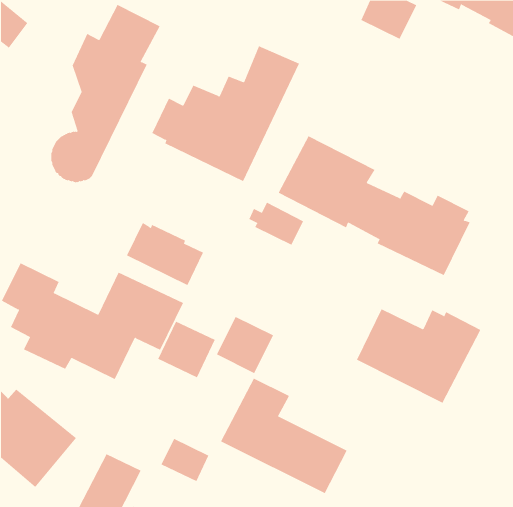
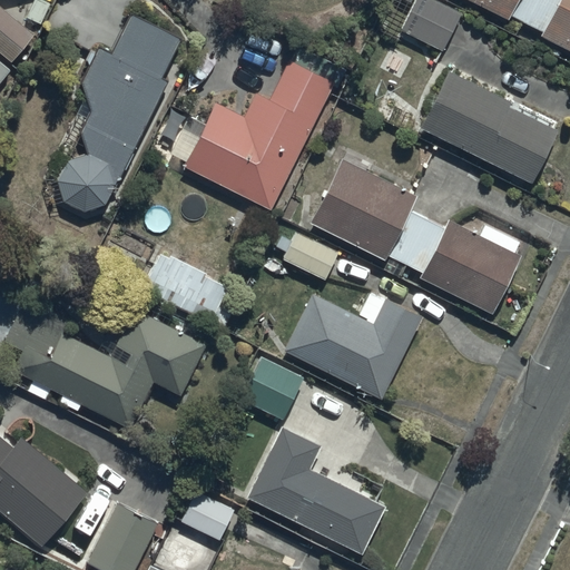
building: none -> [417,70,558,183]
building: [356,308,481,403] -> [286,294,424,399]
building: [158,321,216,378] -> none

